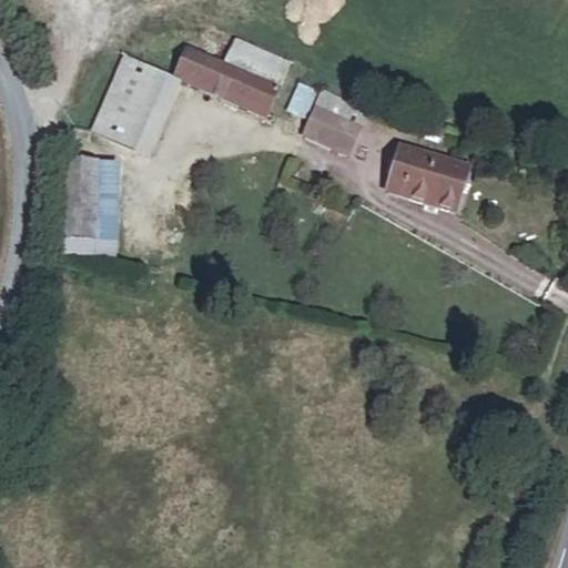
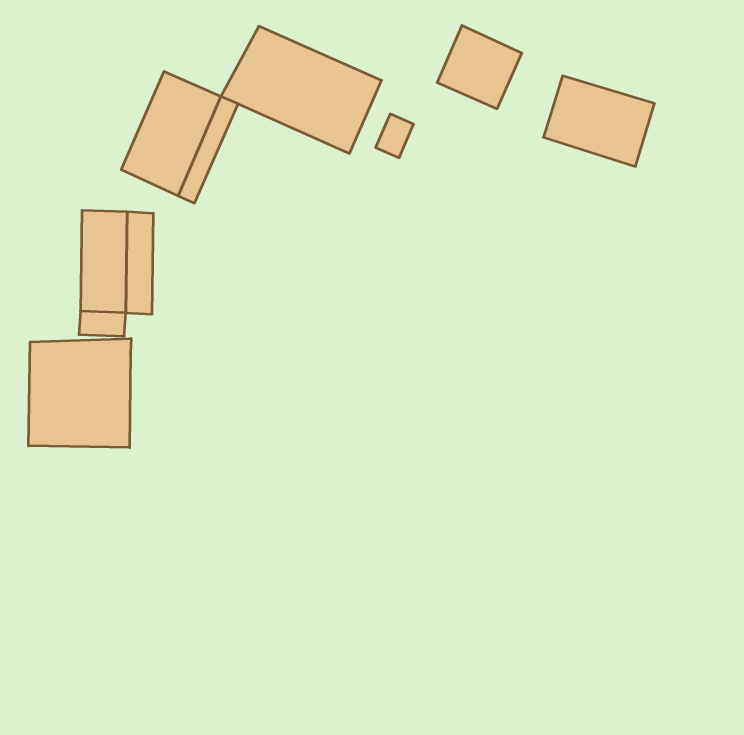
building: [302,90,366,153] -> [437,25,522,109]
building: [385,144,469,213] -> [543,76,655,166]
building: none -> [28,338,131,448]

